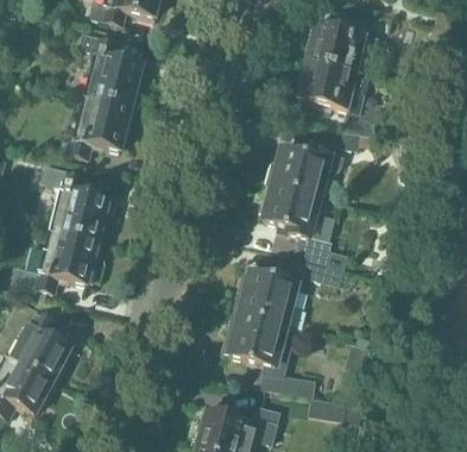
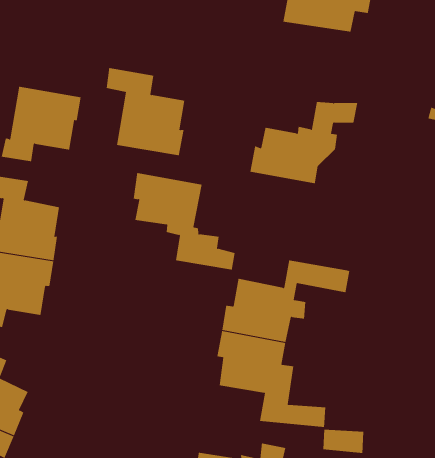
building: [78,30,143,107] -> [106,68,185,156]
building: [298,58,373,131] -> none
building: [263,180,343,266] -> [133,172,235,270]

